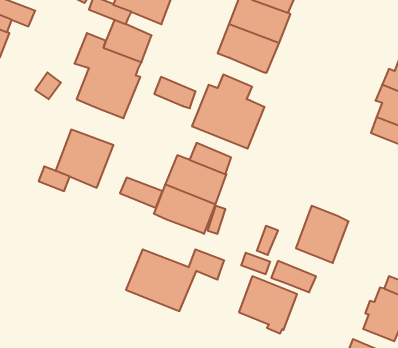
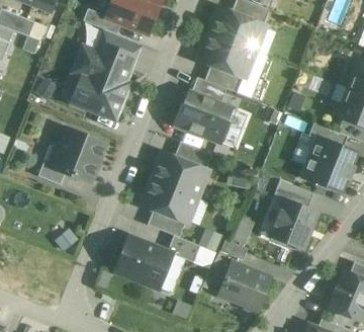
building: [154,77,196,108] -> [204,63,242,91]
building: none -> [303,137,355,188]
building: [120,178,162,208] -> [147,209,185,236]
building: [271,261,316,292] -> [273,177,313,205]

